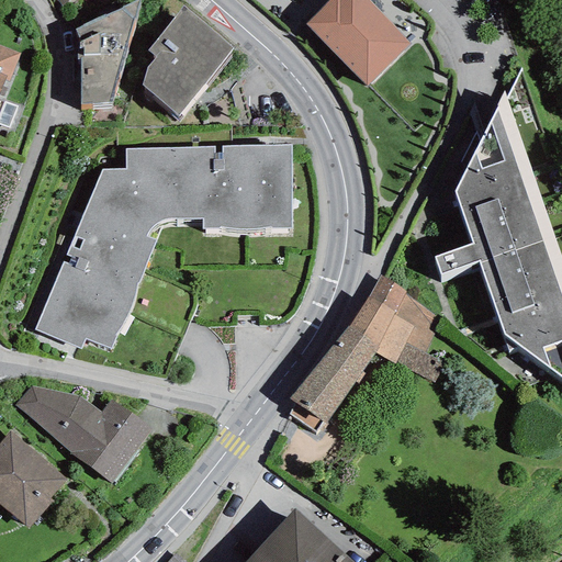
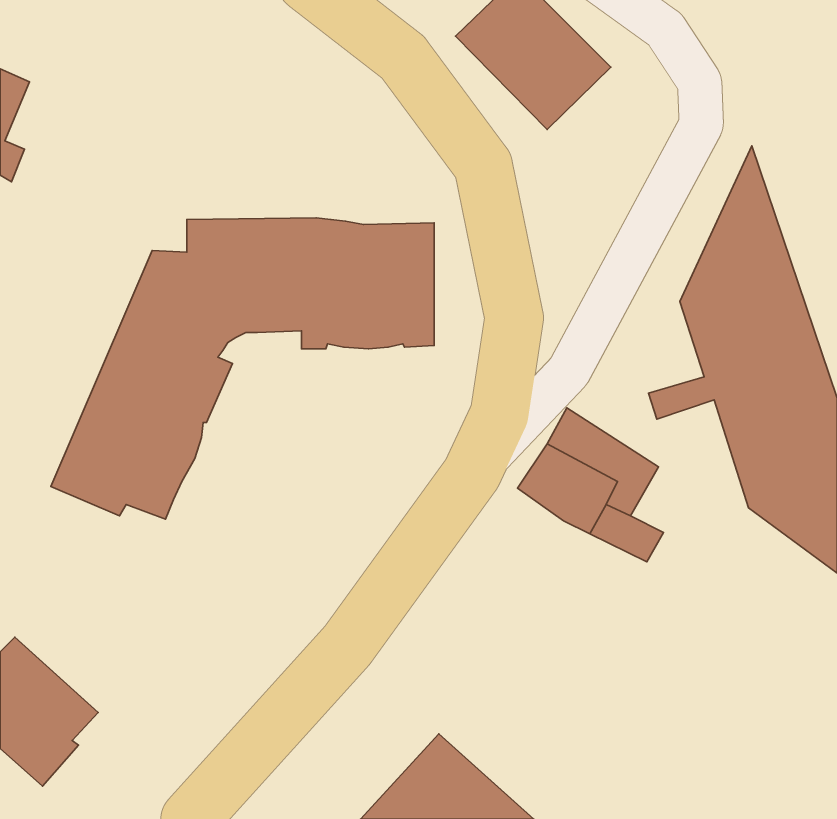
building: [76,10,138,108] -> none
building: [142,18,232,122] -> none
building: [289,327,378,425] -> none
building: [11,378,153,480] -> none

